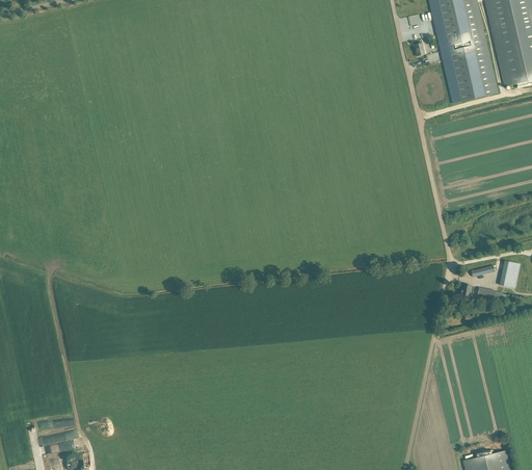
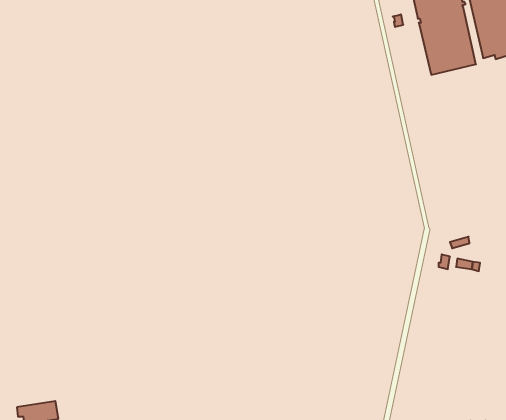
building: [499,261,520,288] -> none

